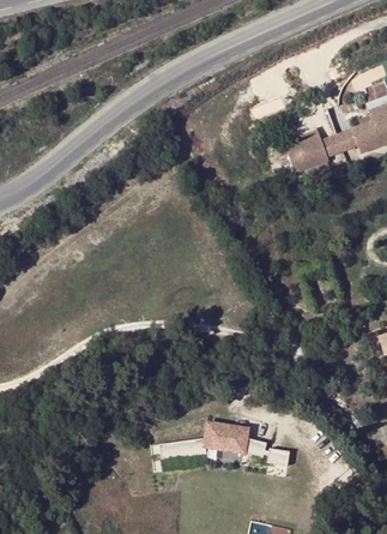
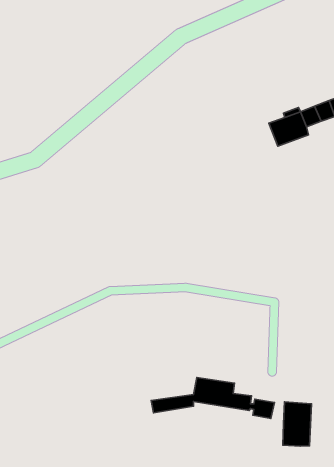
building: none -> [283,402,311,446]

